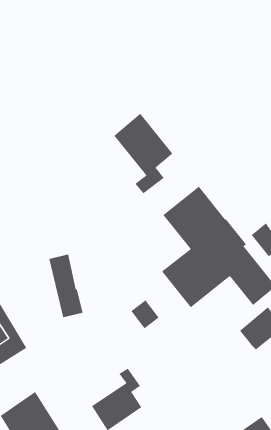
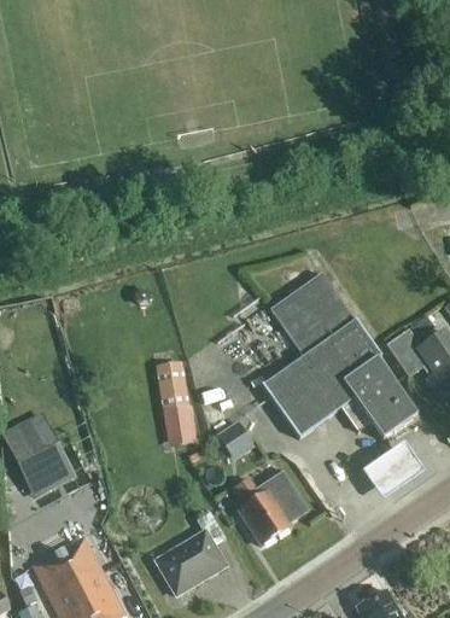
building: [113,113,173,194] -> none
building: [49,254,84,318] -> [154,358,197,444]
building: none -> [233,472,306,543]

